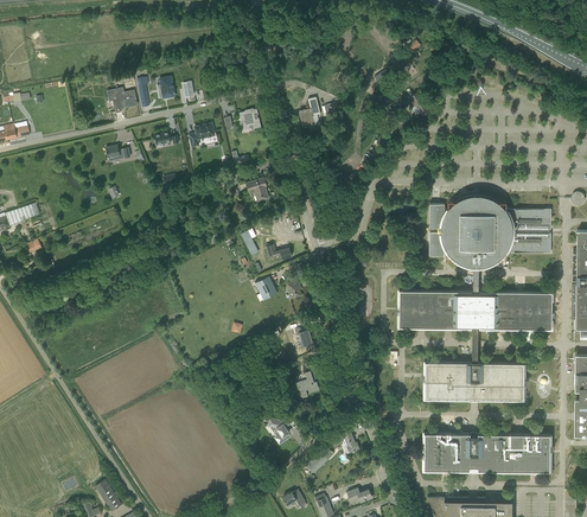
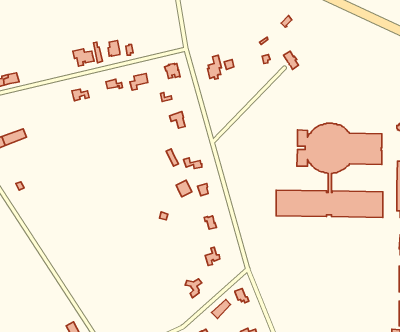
building: [425,363,524,402] -> none
building: [423,434,549,473] -> none

